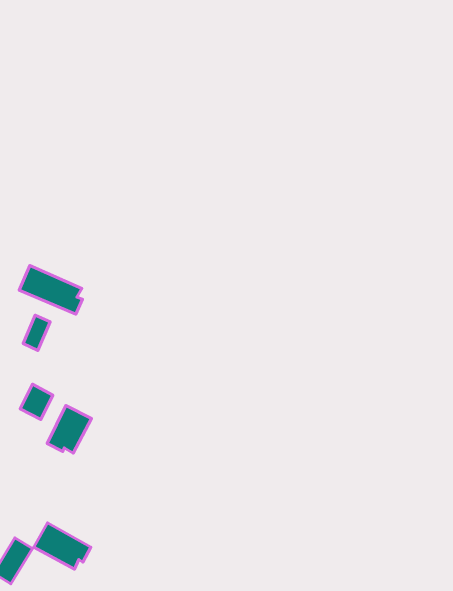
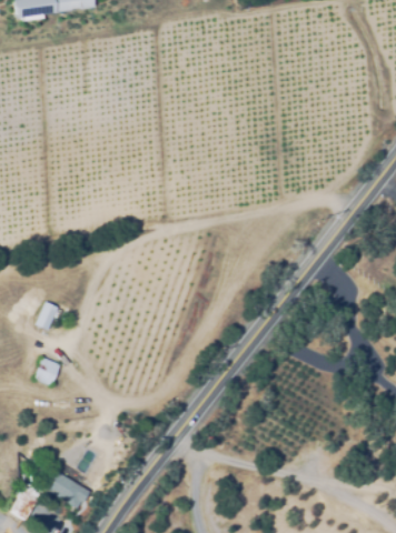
building: [19,266,82,314] -> none
building: [47,406,92,453] -> none

